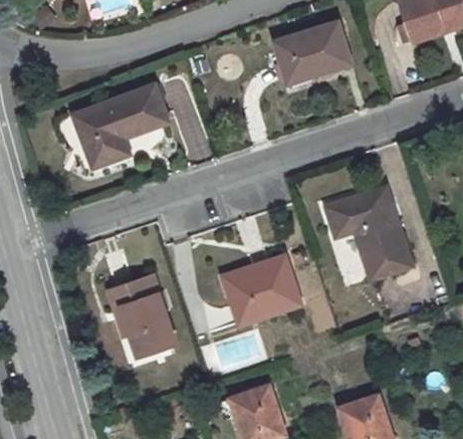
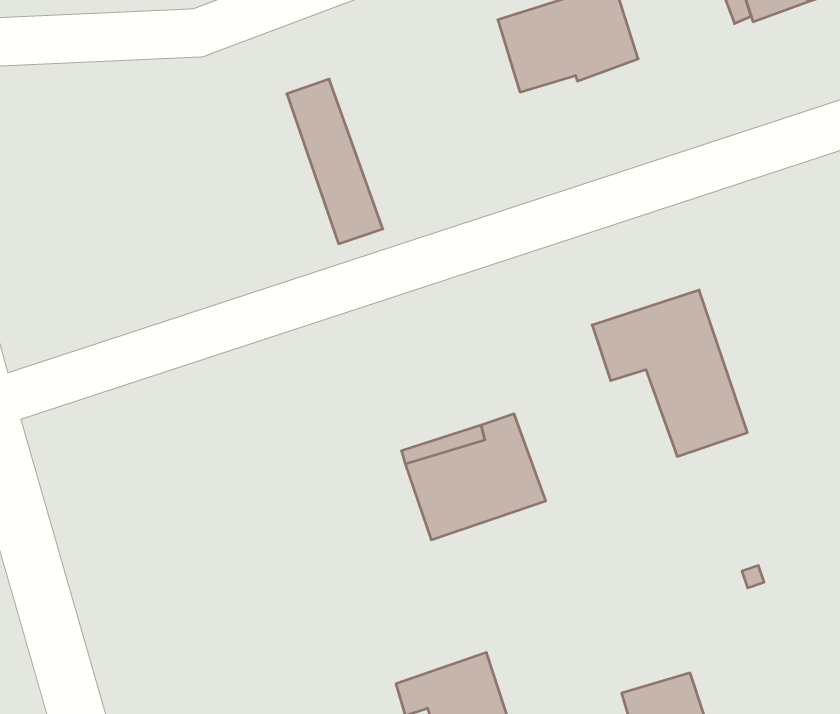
building: [74,83,169,168] -> none
building: [108,278,176,356] -> none

